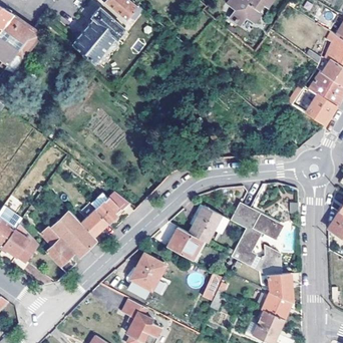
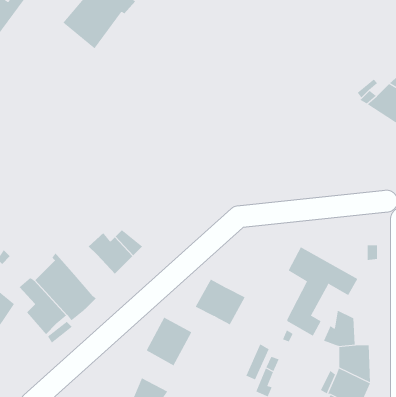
building: [189,206,222,243] -> none
building: [81,210,109,239] -> none

